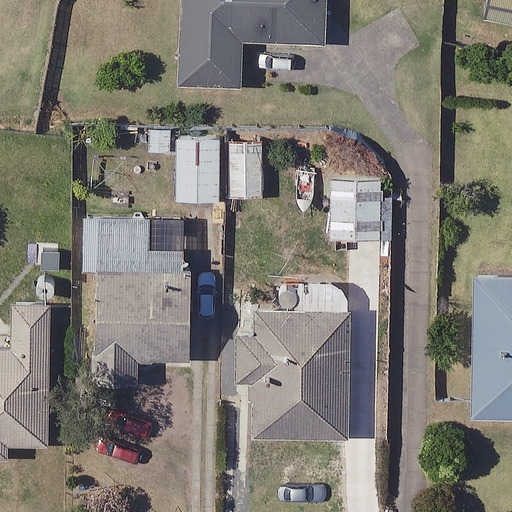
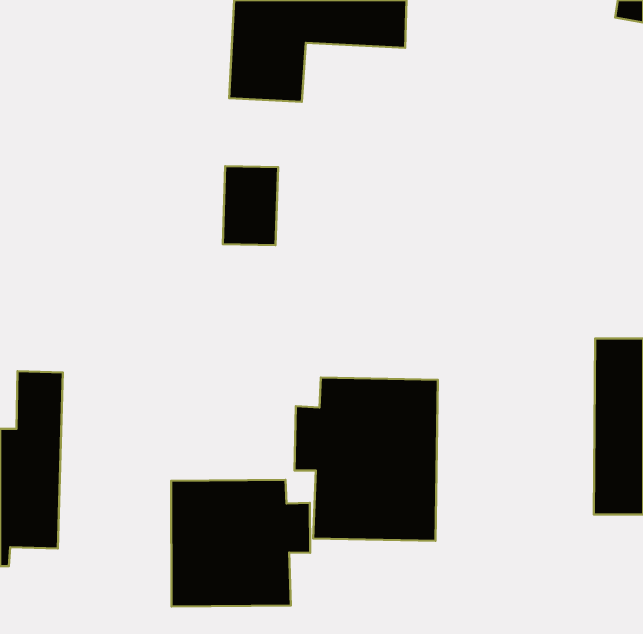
building: [330,172,383,242] -> none
building: [83,219,188,381] -> none
building: none -> [171,480,310,606]

